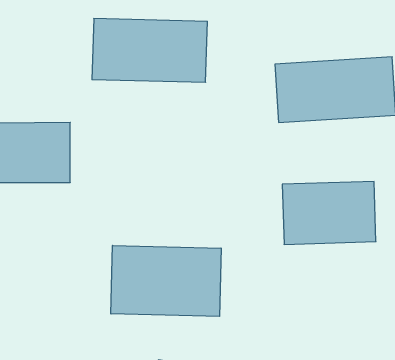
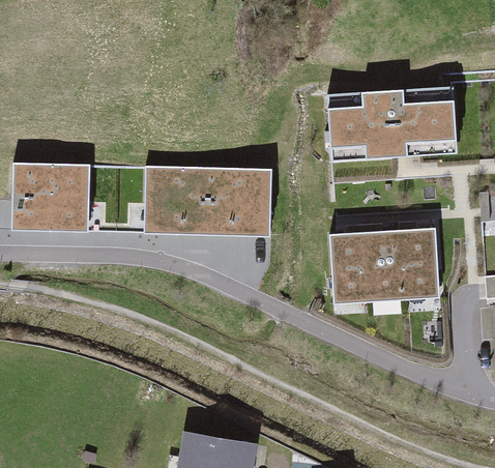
building: [92,19,207,82] -> [140,165,271,237]
building: [111,245,221,316] -> none

